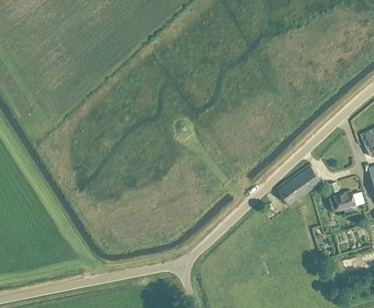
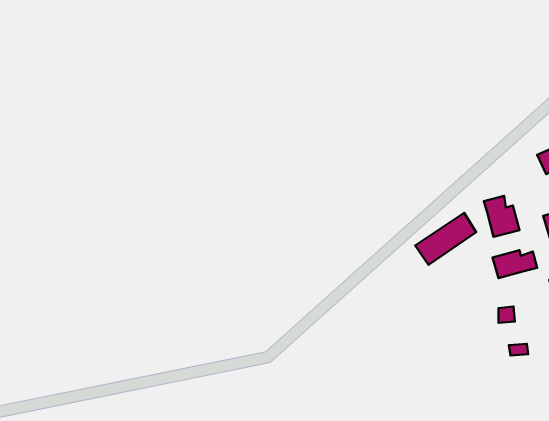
building: none -> [484,196,519,237]

